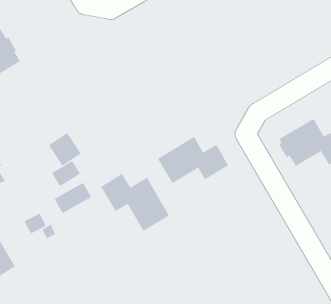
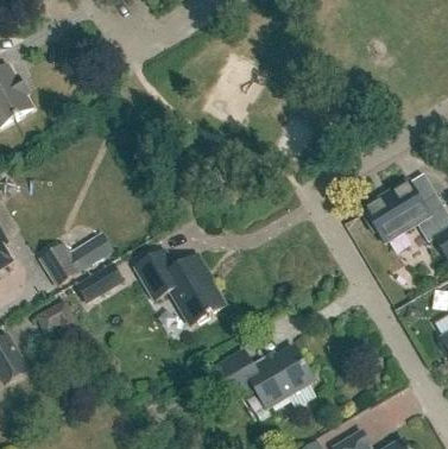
building: [48,132,81,167] -> [39,241,82,285]
building: [157,136,229,184] -> none
building: none -> [216,346,315,409]

